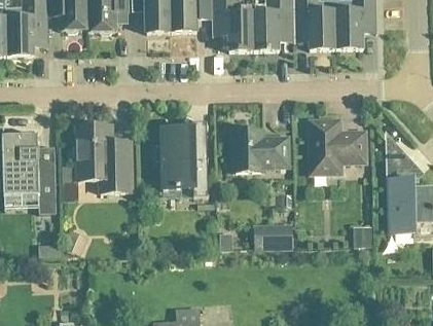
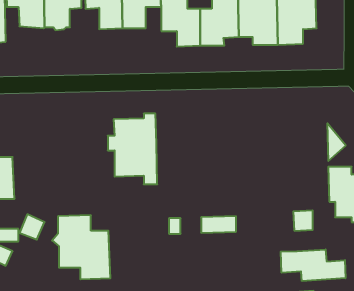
building: [309,119,365,174] -> none
building: [70,124,132,192] -> [52,215,110,279]
building: [231,129,288,172] -> none
building: none -> [281,249,345,281]

